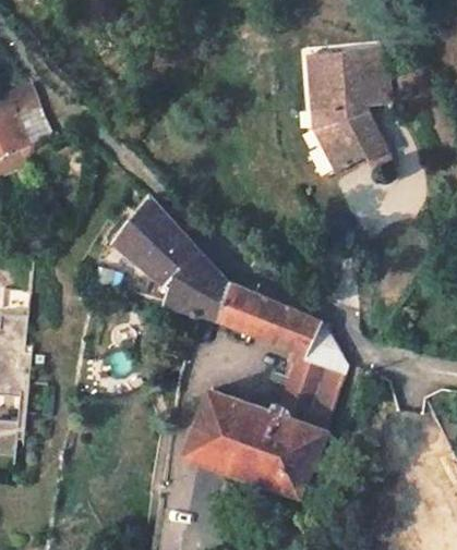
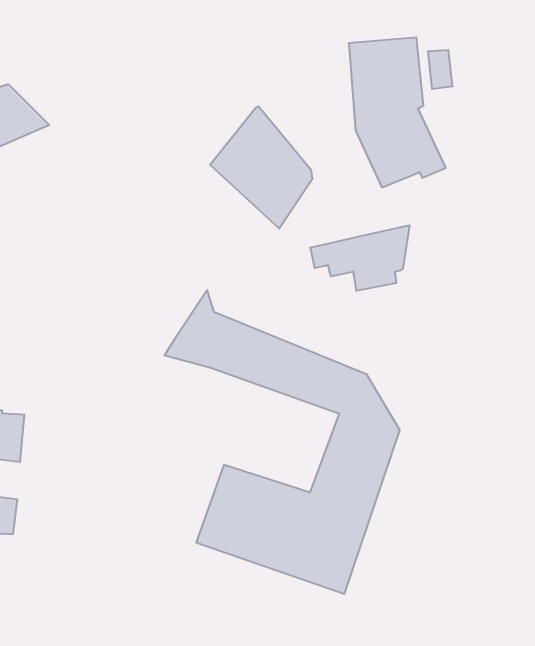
building: [113,197,194,293] -> [210,107,313,229]
building: none -> [311,225,409,291]

